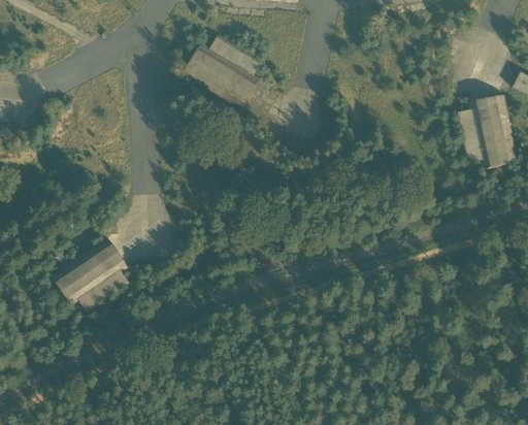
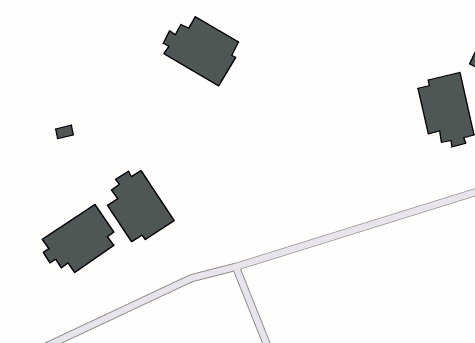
building: none -> [108,171,174,242]

